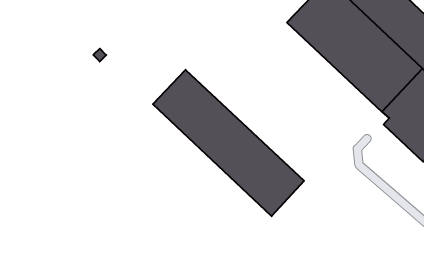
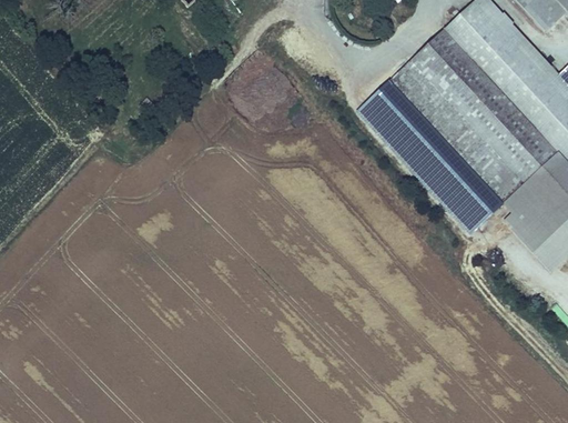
building: none -> [357,80,504,232]
building: [153,70,304,216] -> none

